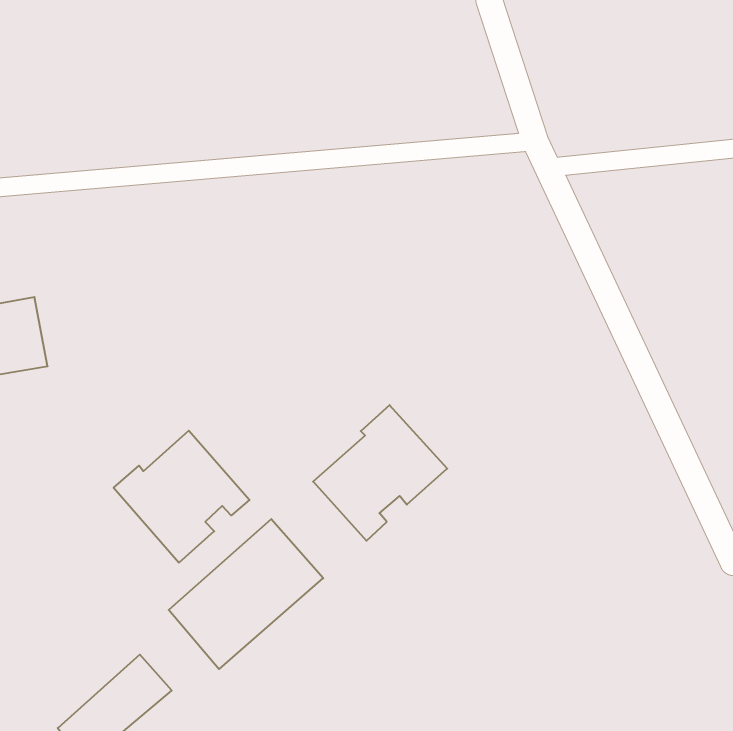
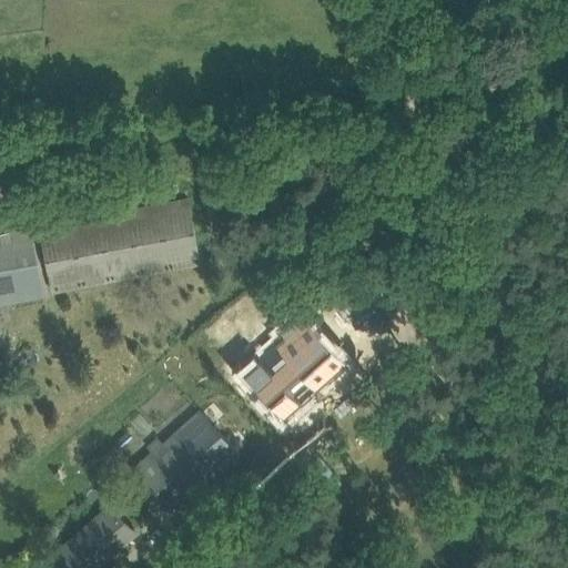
building: none -> [37,202,197,294]
building: [114,431,250,563] -> none

